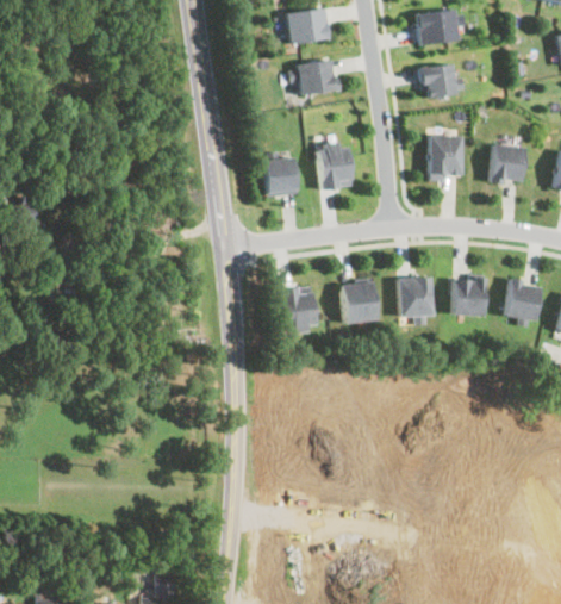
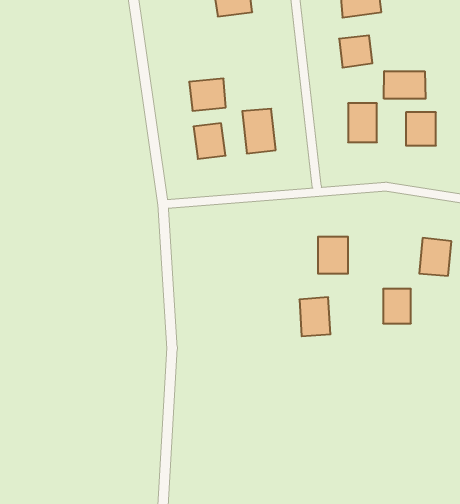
building: [297,60,336,94] -> [189,79,226,111]
building: none -> [384,71,426,99]
building: [453,279,482,316] -> [383,289,411,323]
building: [342,282,375,324] -> [299,297,331,336]
building: [283,288,314,329] -> none

